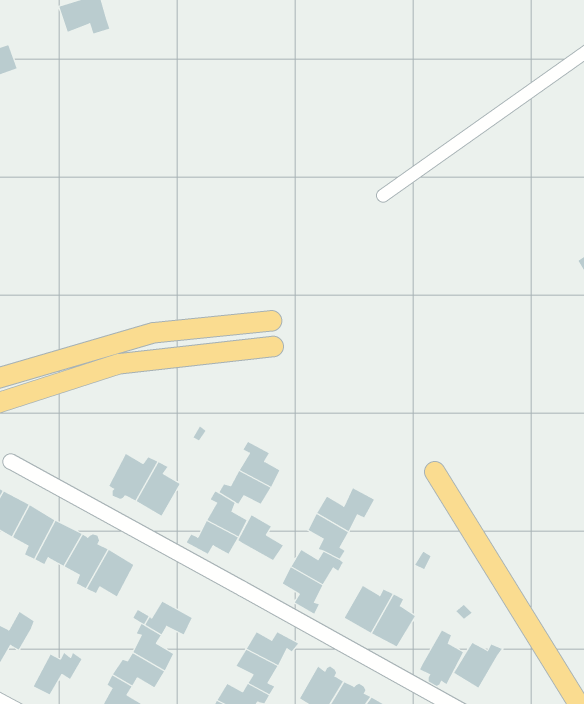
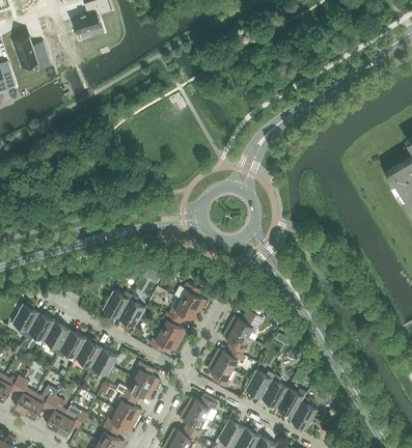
building: [237,514,284,561] -> [131,362,159,390]
building: none -> [46,397,66,431]
building: [453,642,503,688] -> [276,389,306,417]

